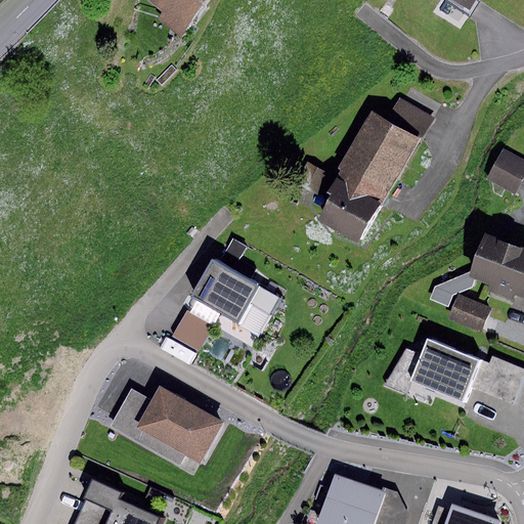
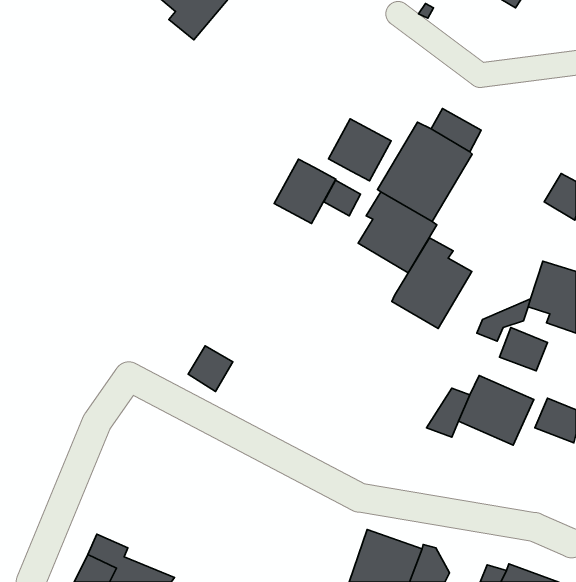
building: none -> [328,119,391,181]
building: none -> [274,159,336,223]
building: none -> [392,238,472,329]
building: [193,258,281,337] -> none
building: [111,387,226,463] -> none

